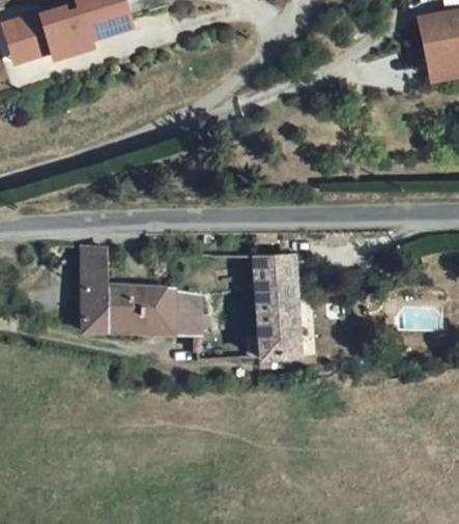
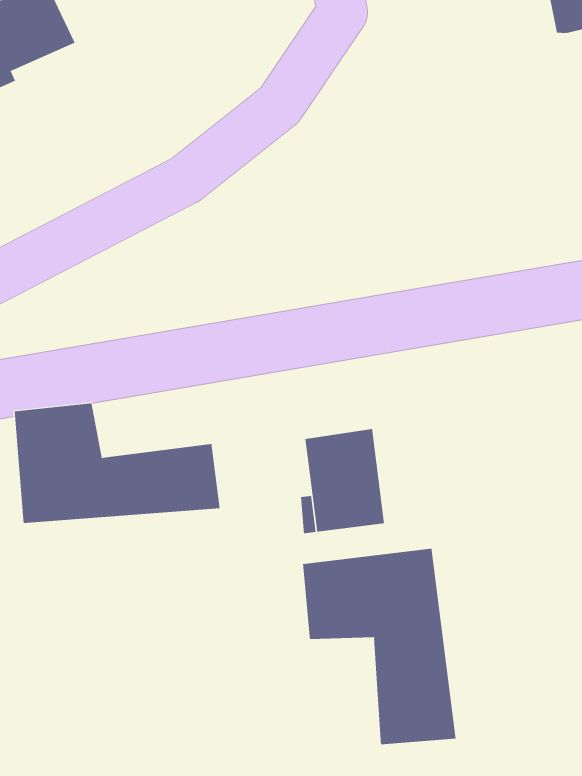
building: [251,256,293,295] -> none
building: none -> [303,548,456,745]

